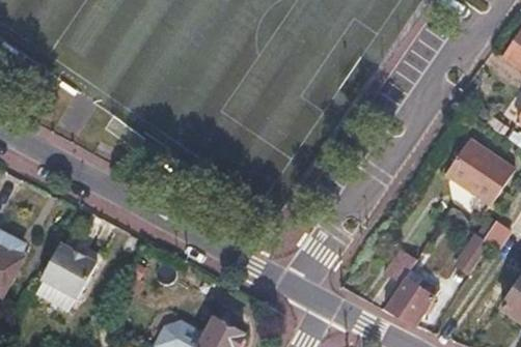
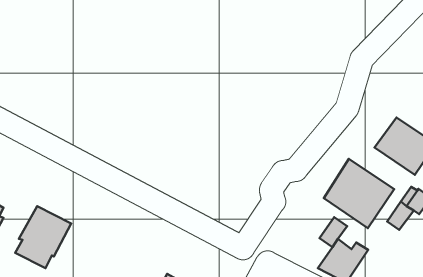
building: none -> [324,159,394,228]

